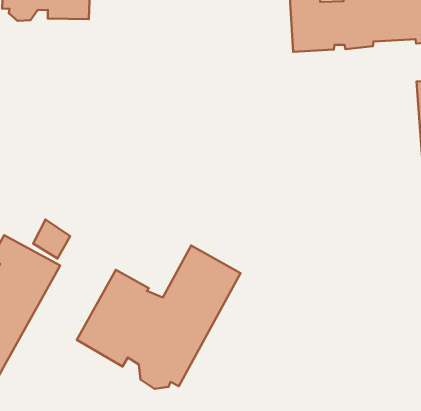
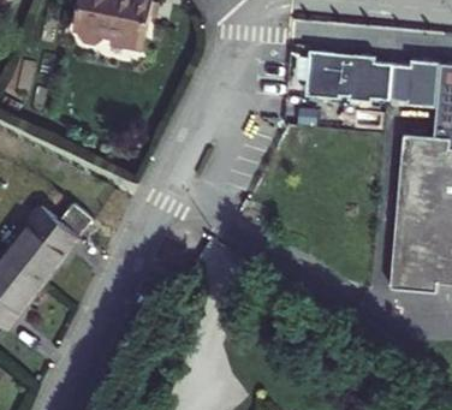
building: [77,246,241,389] -> none

